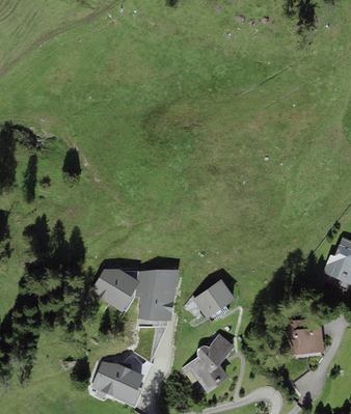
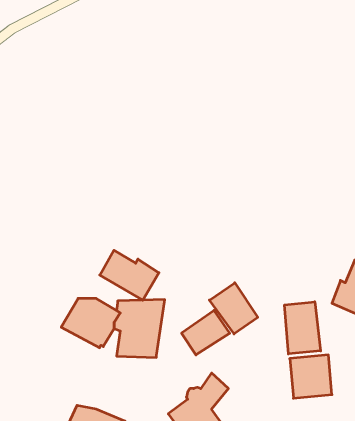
building: none -> [100,250,159,300]
building: none -> [209,283,258,334]
building: none -> [285,302,321,354]

